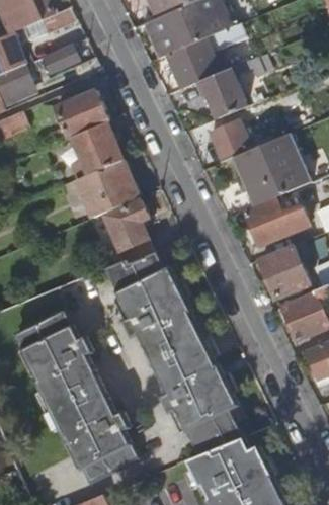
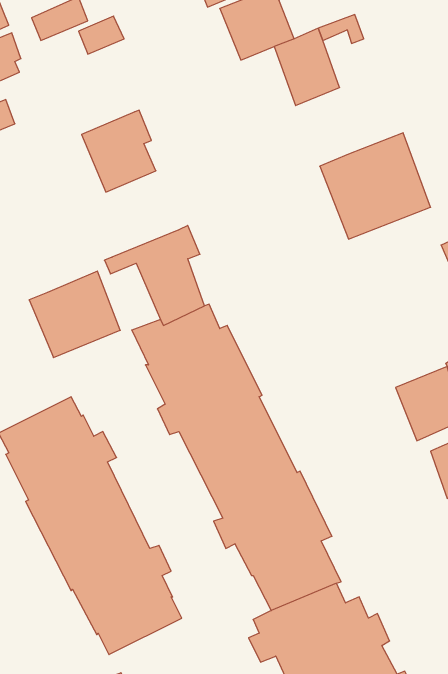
building: [33,92,107,152] -> none
building: [209,122,250,163] -> none
building: [76,162,137,220] -> [29,271,120,358]
building: [243,202,304,246] -> none
building: [259,247,307,298] -> none

